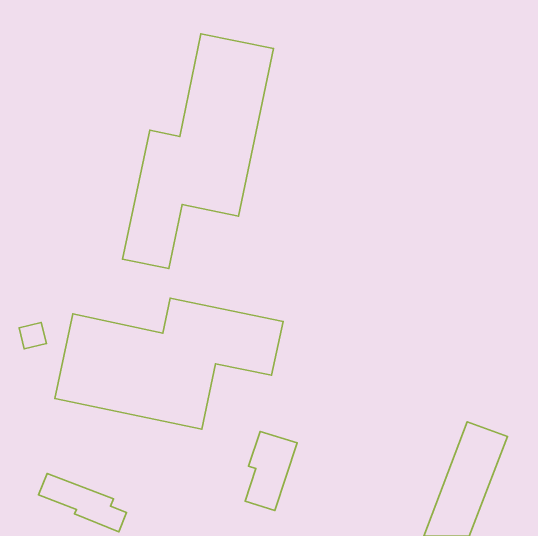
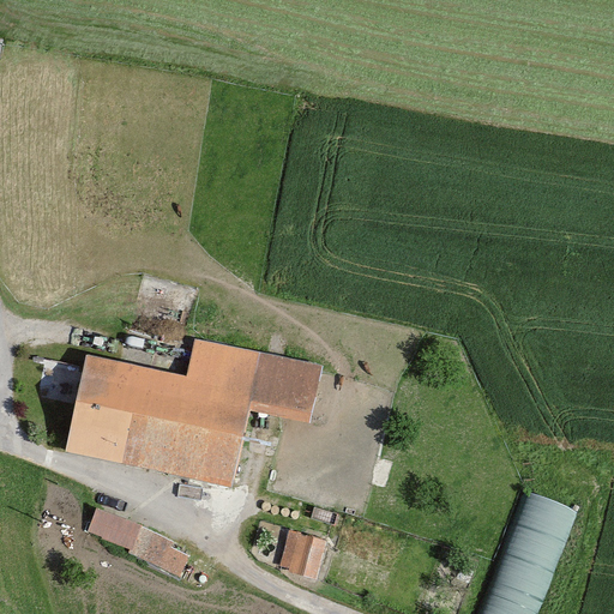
building: [123,34,274,268] -> none
building: [39,474,126,532] -> [88,510,187,576]

